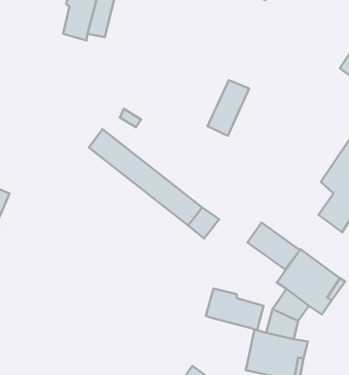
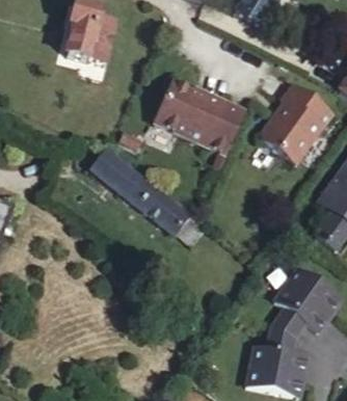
building: none -> [156,79,229,143]
building: none -> [262,80,332,160]
building: [247,222,300,269] -> none
building: [206,288,263,330] -> none

